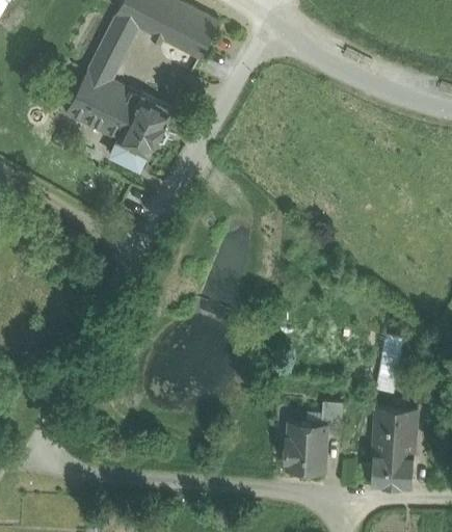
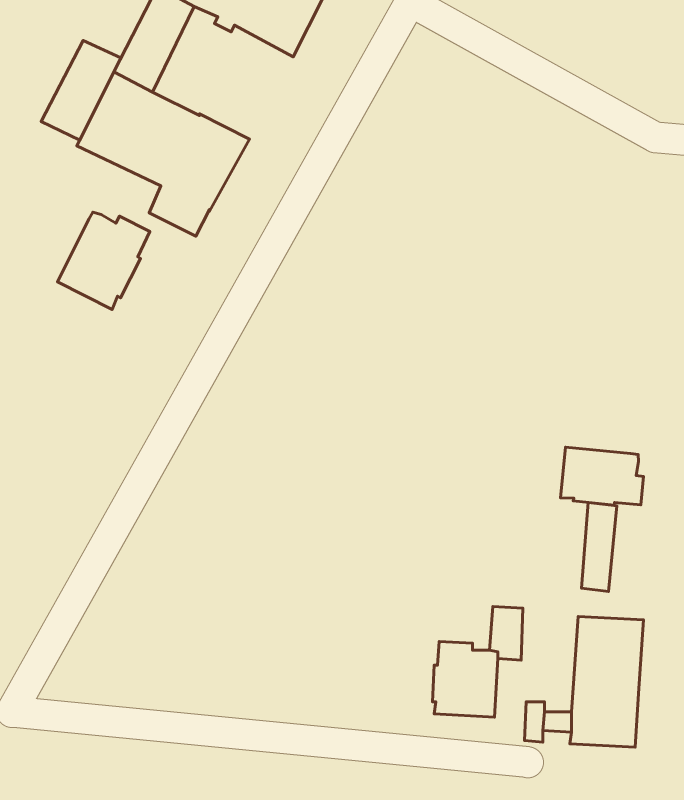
building: none -> [41,40,121,140]
building: none -> [57,212,150,309]
building: none -> [561,447,644,505]

